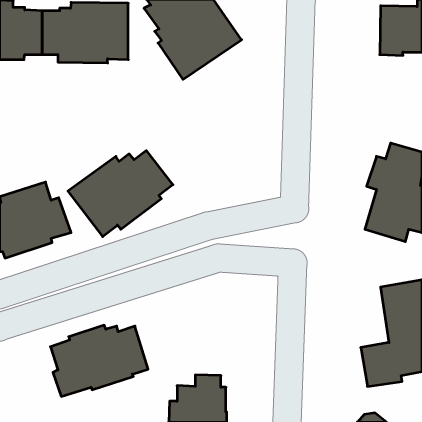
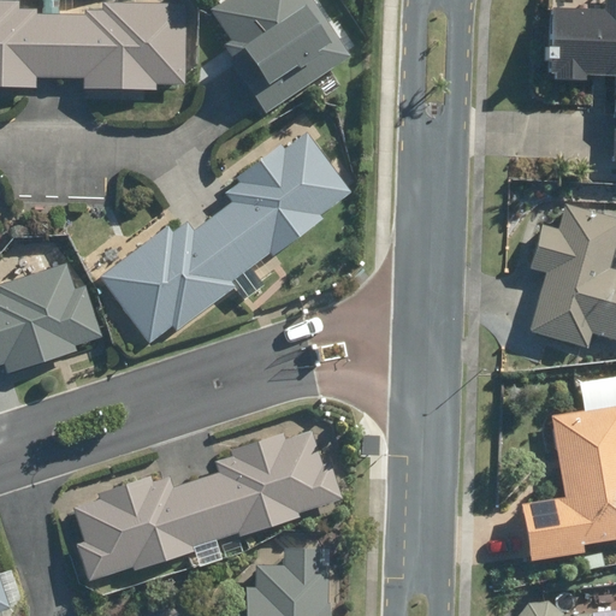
building: none -> [213,134,353,268]
building: none -> [196,427,342,537]

